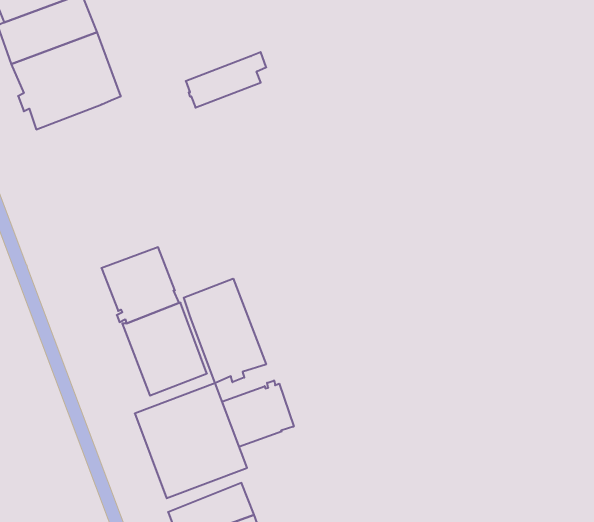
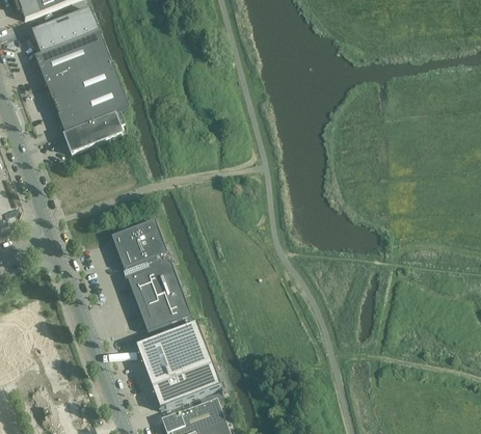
building: [186,52,266,108] -> [63,109,124,151]
building: [184,279,266,383] -> none
building: [222,380,294,447] -> none

